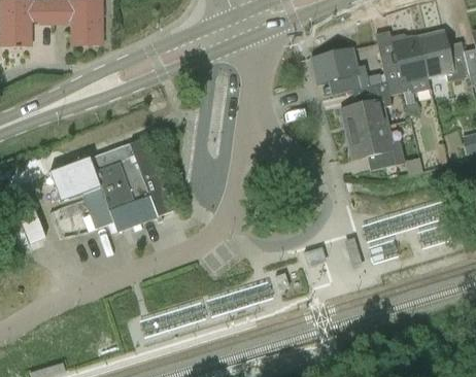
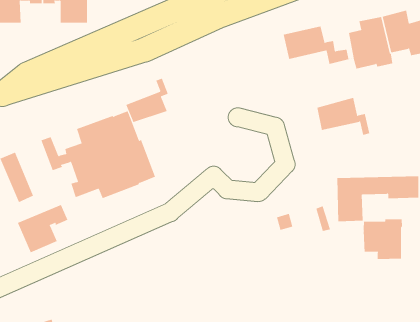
building: [340,82,390,135] -> none
building: none -> [126,78,168,123]
building: none -> [17,204,68,253]
building: none -> [363,218,403,260]

